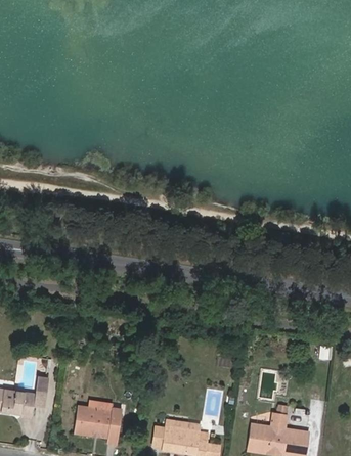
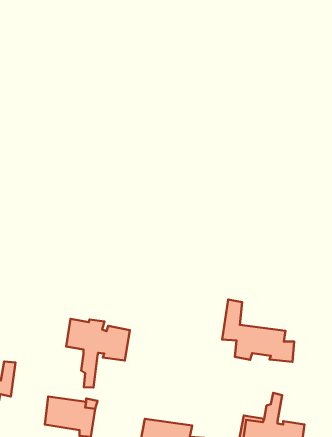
building: none -> [222,300,294,362]
building: none -> [66,319,130,388]

